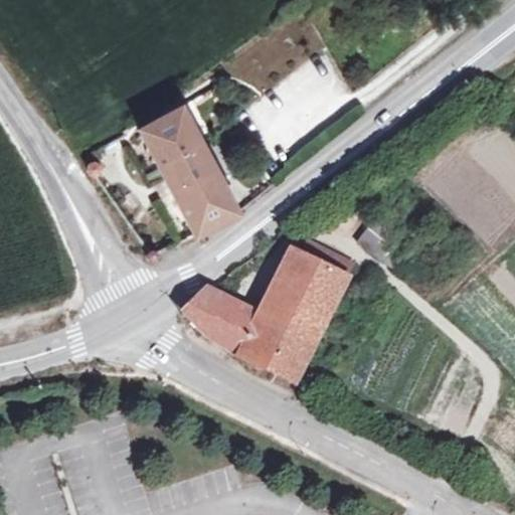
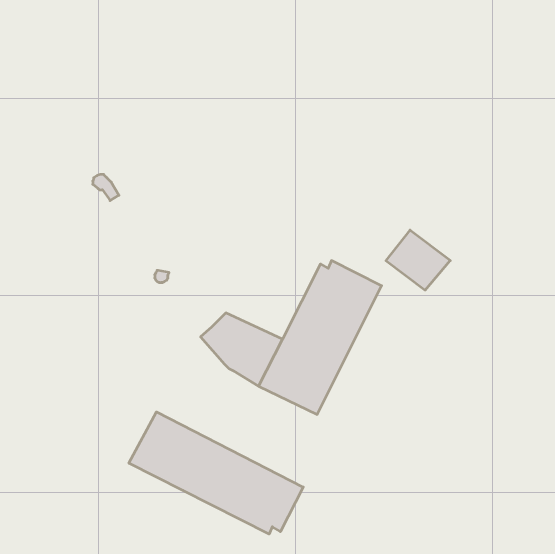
building: [139,103,237,233] -> none
building: none -> [129,412,303,534]

